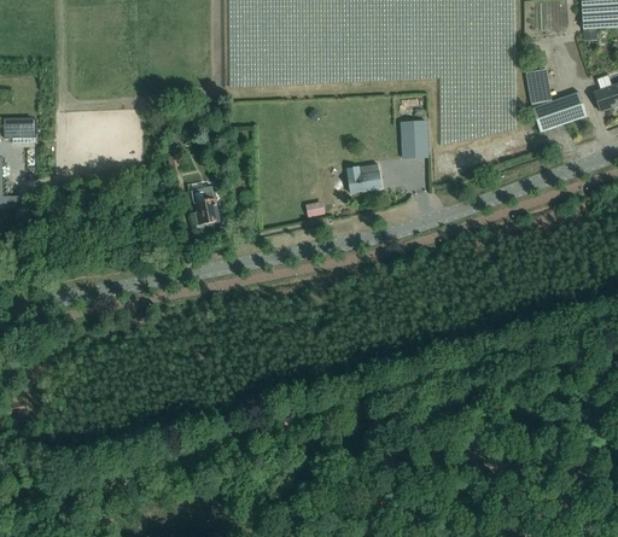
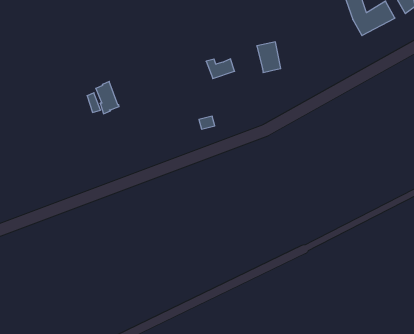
building: [345,167,380,192] -> [206,59,235,79]
building: [192,185,218,226] -> [96,81,119,114]

